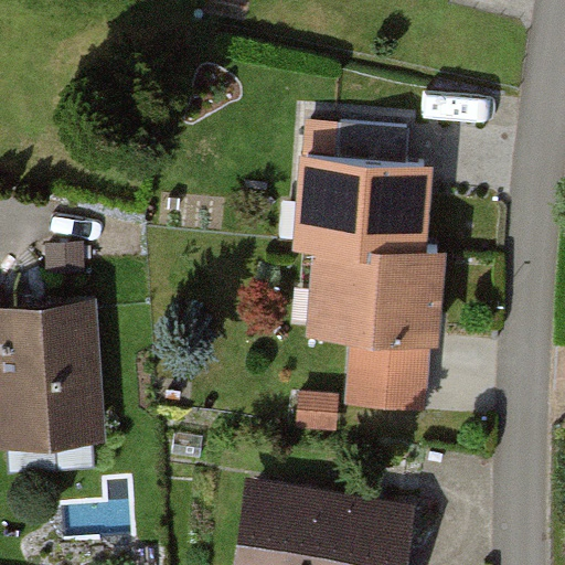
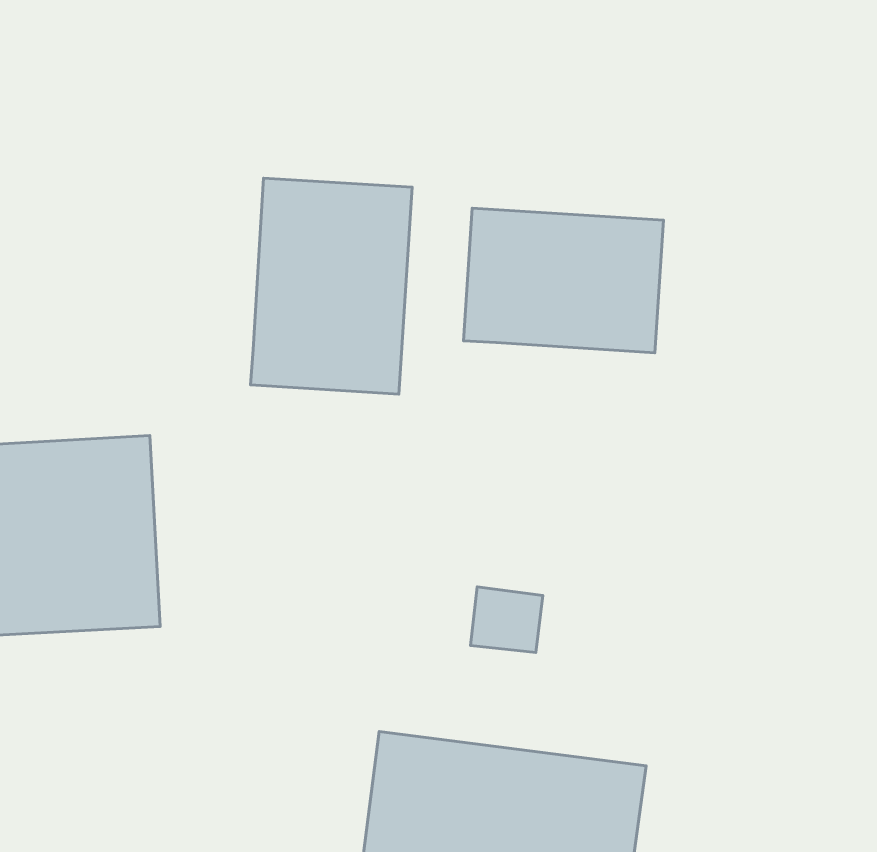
building: none -> [250,178,412,394]
building: [312,237,438,395] -> none

